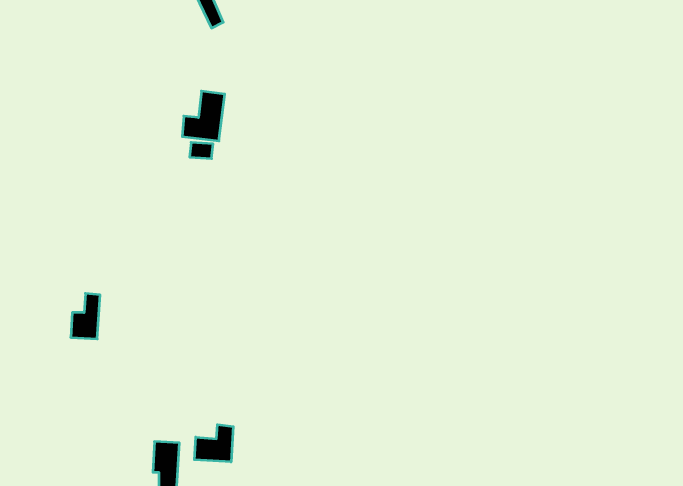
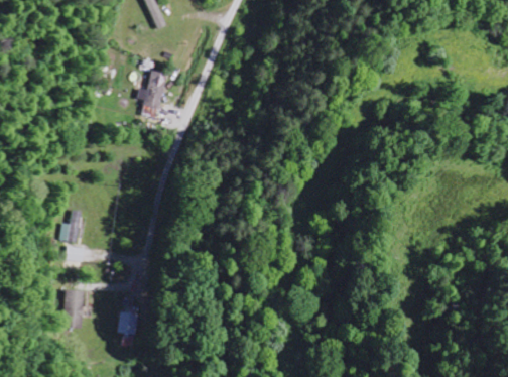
building: none -> [65,289,84,327]
building: [194,425,233,462] -> none

